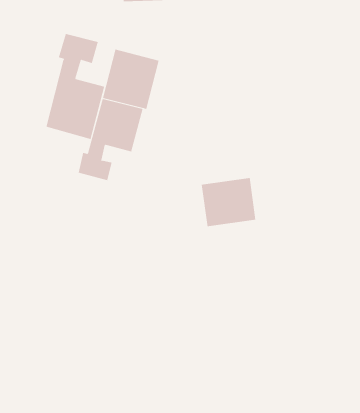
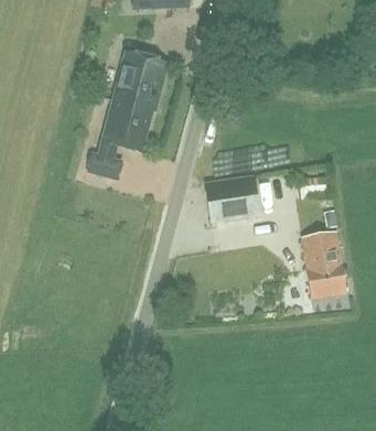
building: [46,33,105,140] -> none
building: none -> [302,229,346,297]

